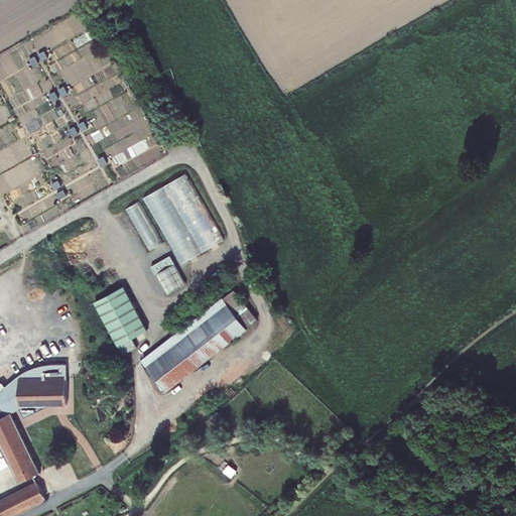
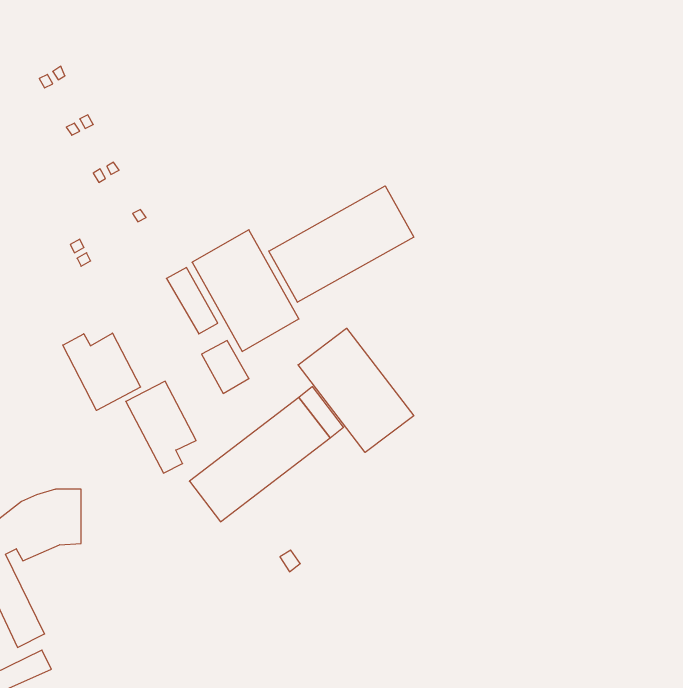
building: none -> [269,186,414,302]
building: none -> [298,328,414,452]
building: none -> [63,333,141,410]

